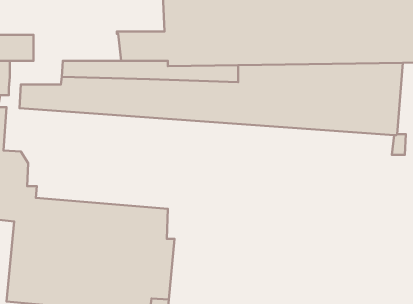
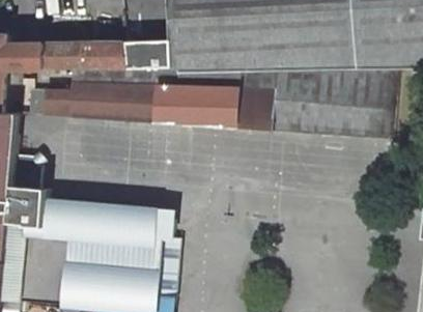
building: none -> [44,41,128,67]

